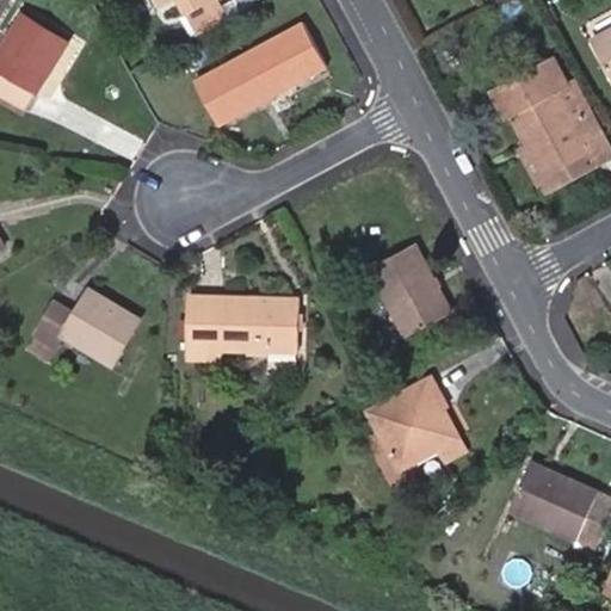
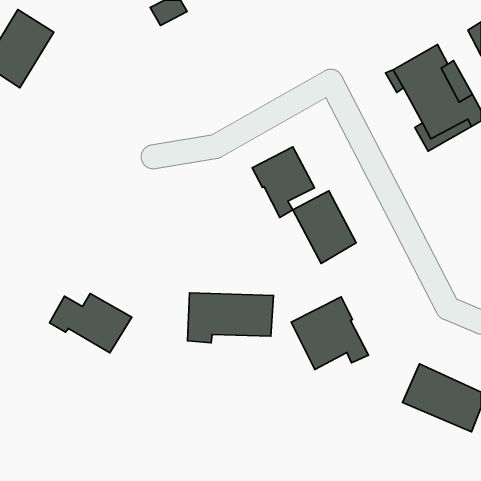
building: [195,23,326,124] -> none
building: none -> [252,147,315,218]
building: [37,289,141,364] -> [50,293,132,353]
building: [189,296,297,359] -> [188,293,274,343]

